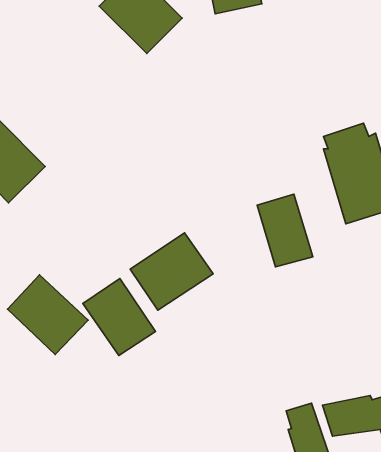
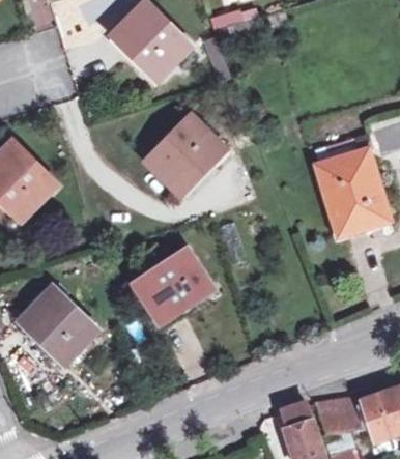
building: none -> [142,114,220,193]
building: [257,194,313,267] -> none
building: [83,278,156,356] -> none

